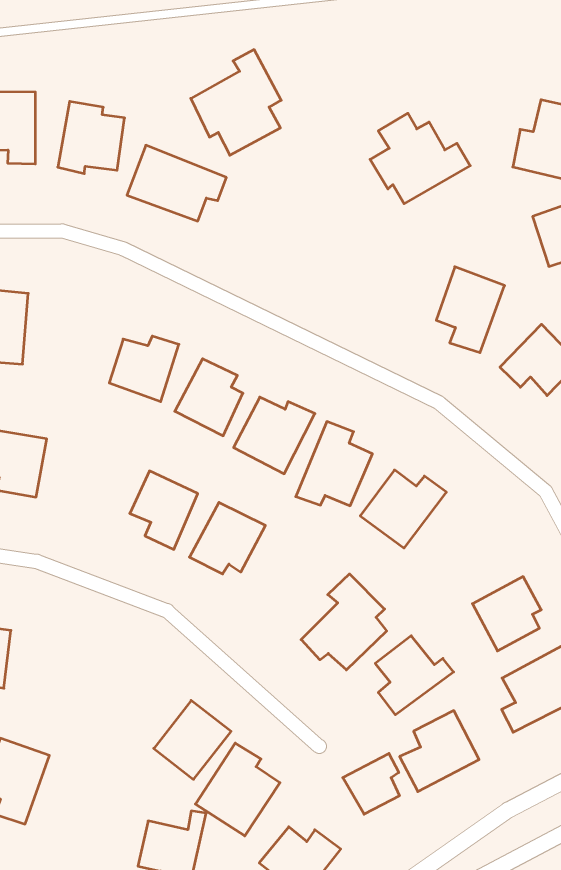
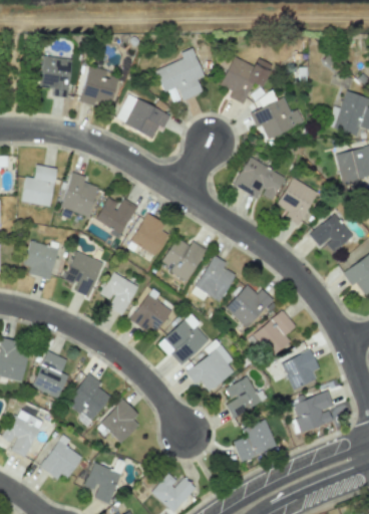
building: none -> [222,56,274,103]
building: none -> [234,157,286,200]
building: none -> [60,172,98,216]
building: none -> [65,251,102,296]
building: none -> [253,309,297,356]
building: none -> [159,313,210,366]
building: none -> [32,350,69,398]
building: [195,743,280,836] -> [64,372,111,424]
building: [343,753,399,814] -> none
building: none -> [43,442,82,479]

